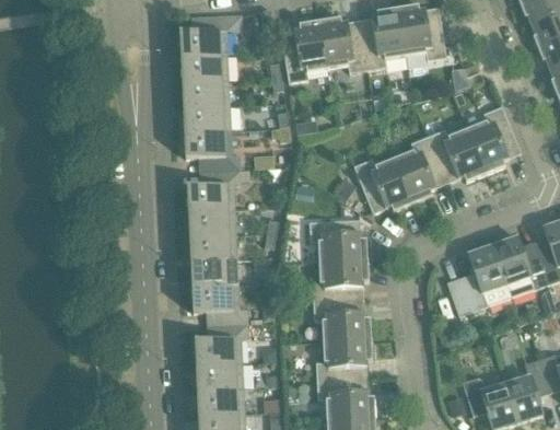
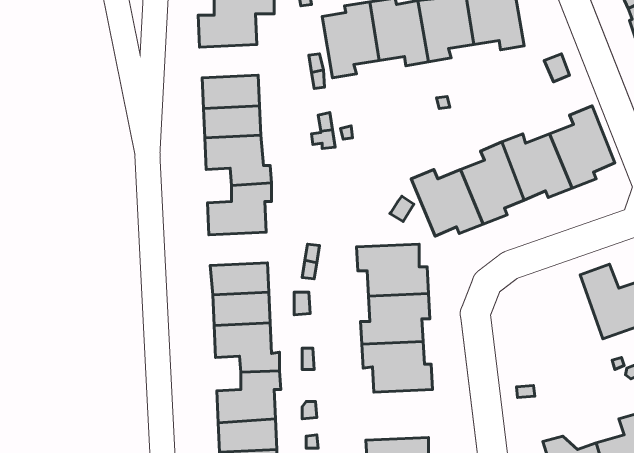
building: [179,56,228,83] -> none
building: [187,210,235,237] -> none
building: [446,245,511,316] -> none
building: [315,339,372,381] -> none

